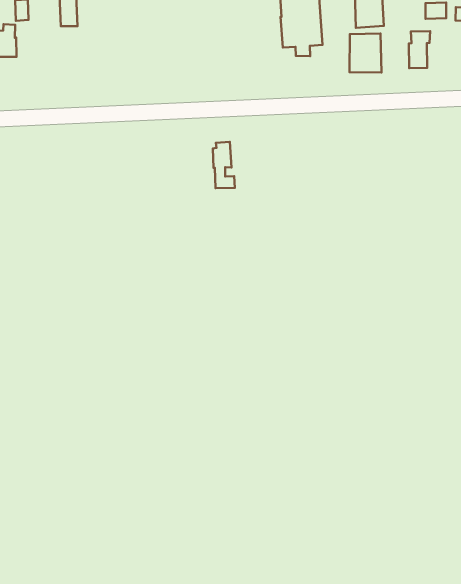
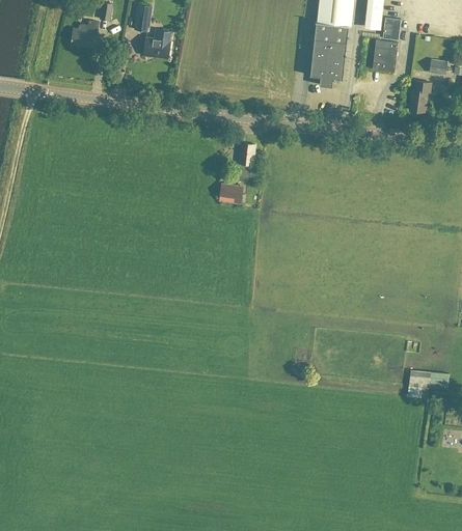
building: none -> [143,30,171,57]
building: [350,33,382,73] -> none
building: none -> [219,183,243,203]

